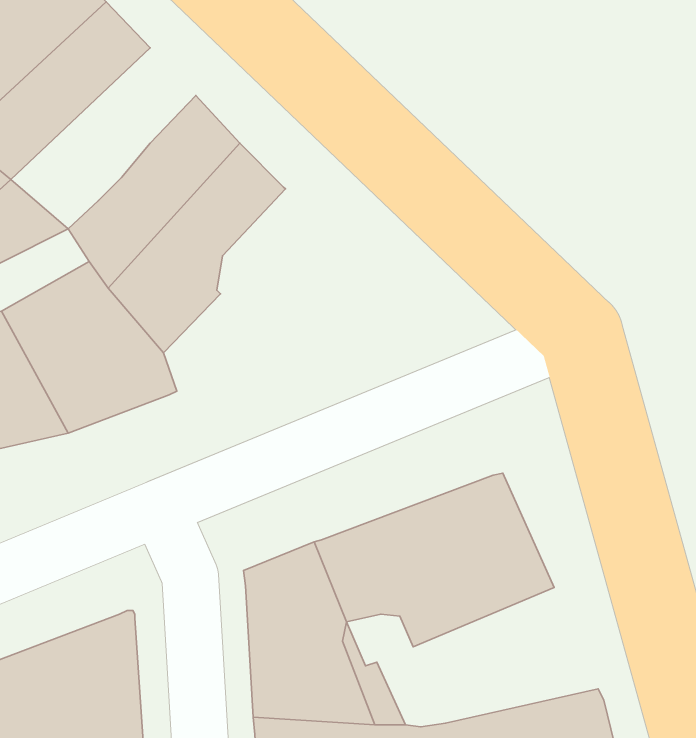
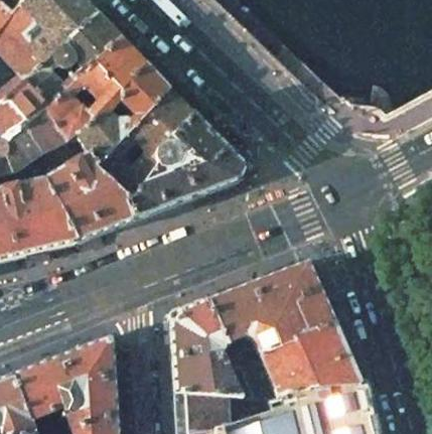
building: none -> [44,39,142,135]
building: none -> [125,114,244,221]
building: none -> [257,324,354,396]

